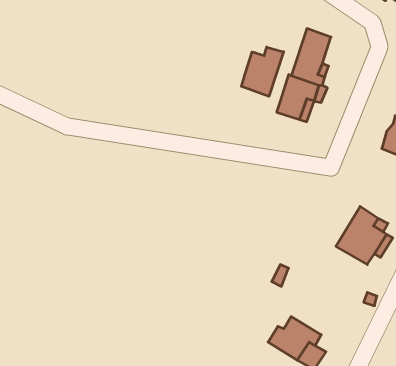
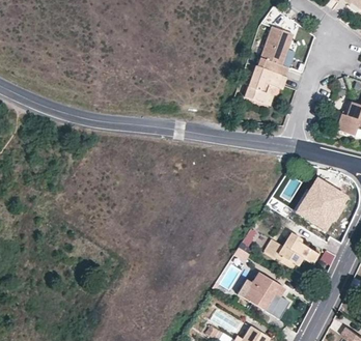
building: [241,47,284,96] -> none
building: none -> [263,232,318,265]

